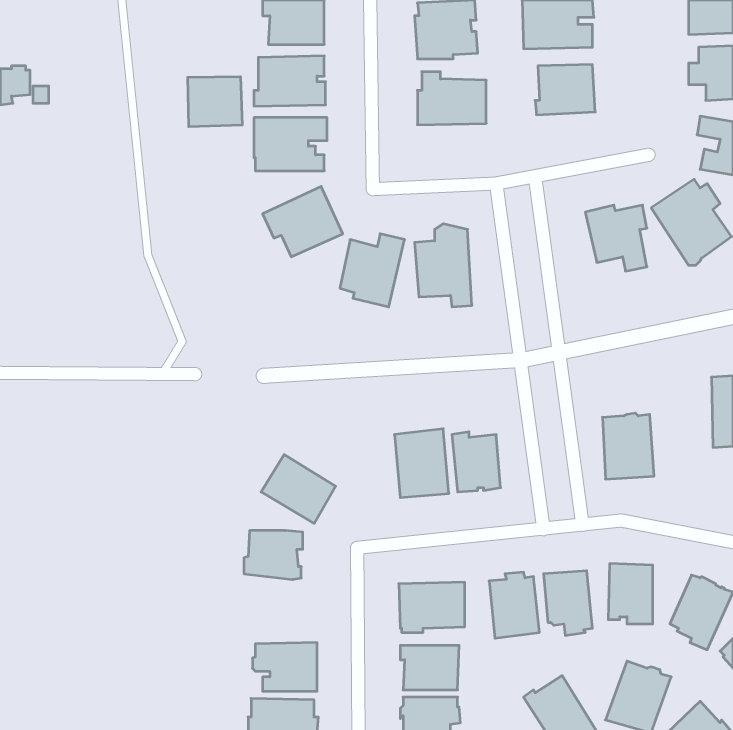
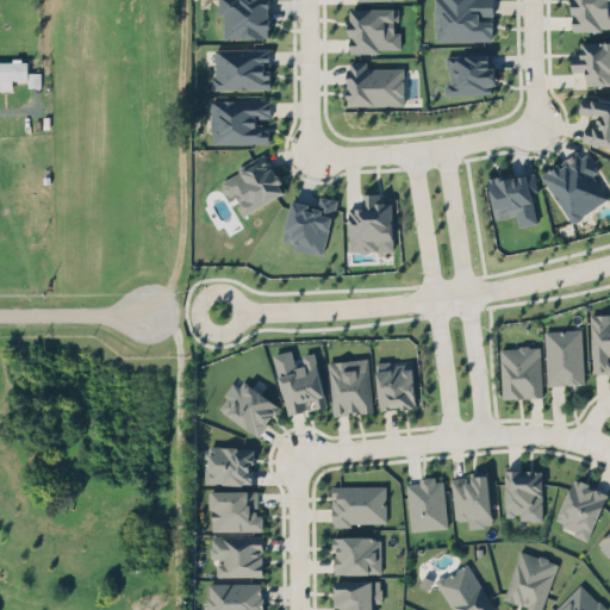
building: [188,77,242,127] -> none
building: none -> [544,330,584,386]
building: none -> [274,351,326,415]
building: none -> [208,488,260,531]

